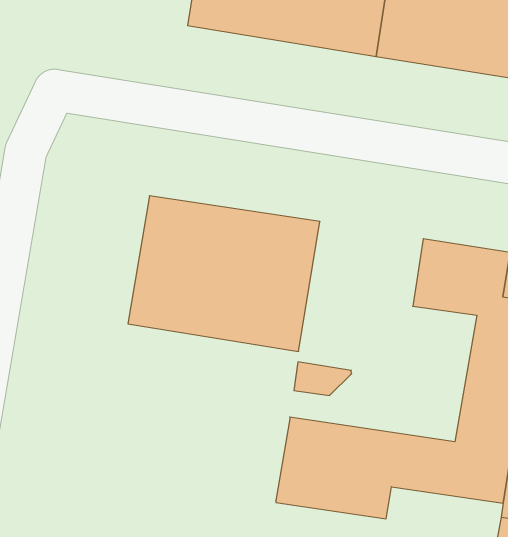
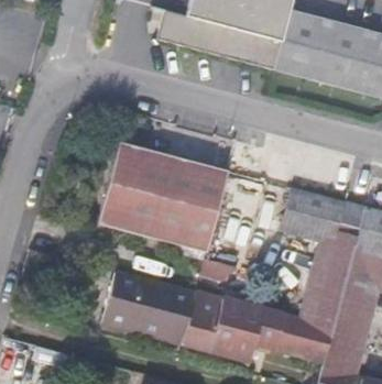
building: none -> [88,267,197,342]

